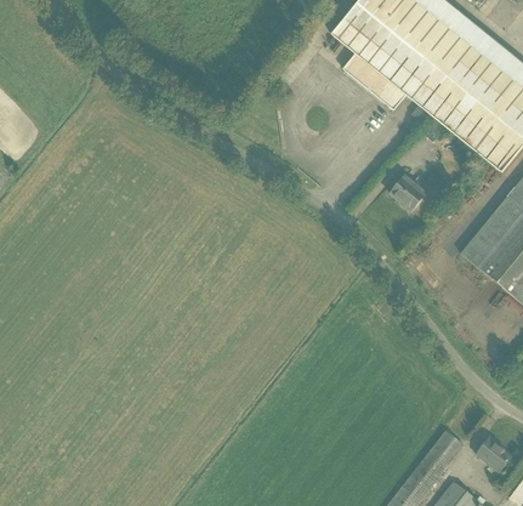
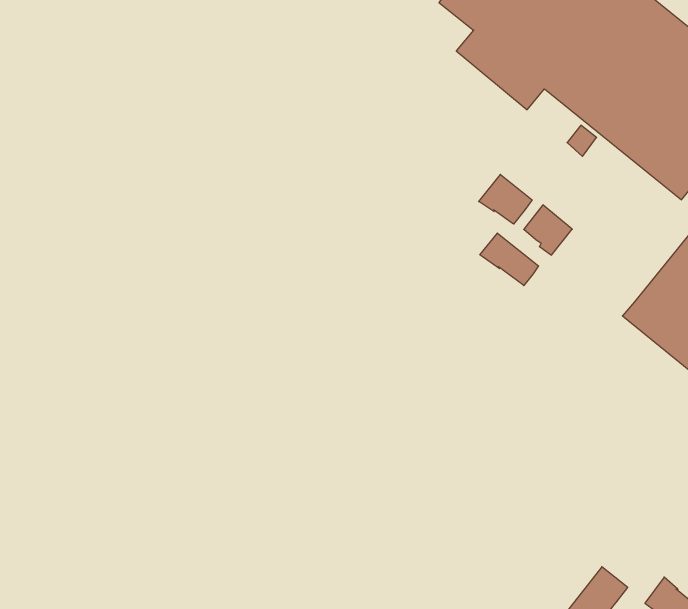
building: none -> [479,174,532,224]
building: none -> [480,233,539,286]

